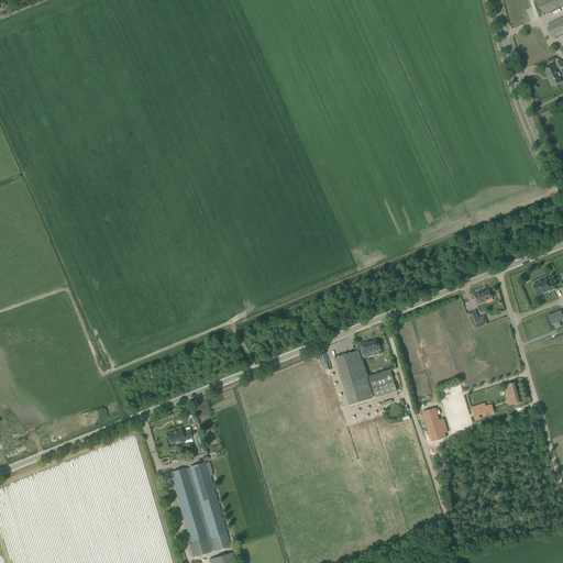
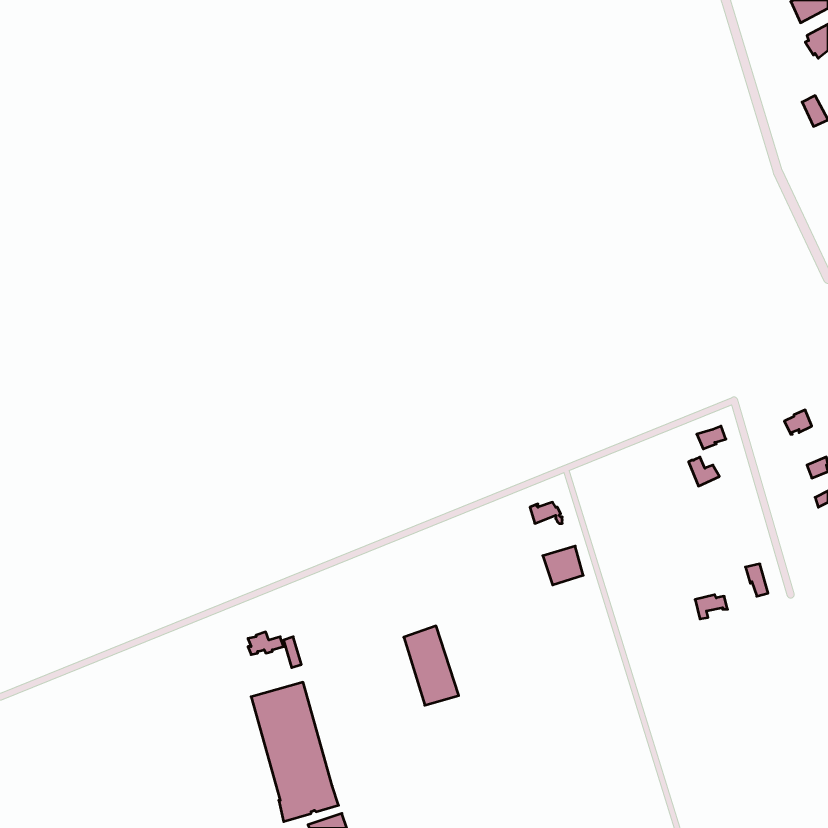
building: [334,351,372,405] -> [404,626,459,705]
building: [421,408,446,442] -> none

